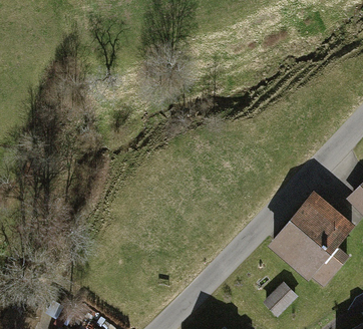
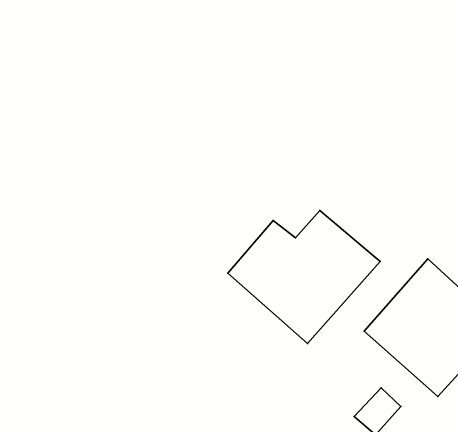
building: none -> [228,210,380,344]

